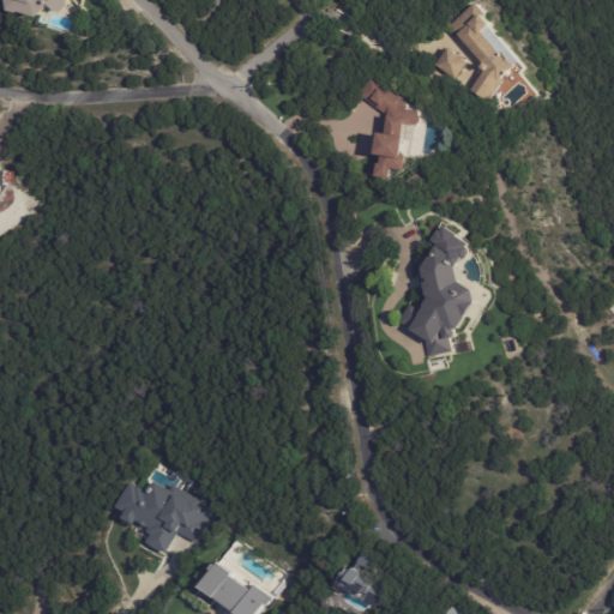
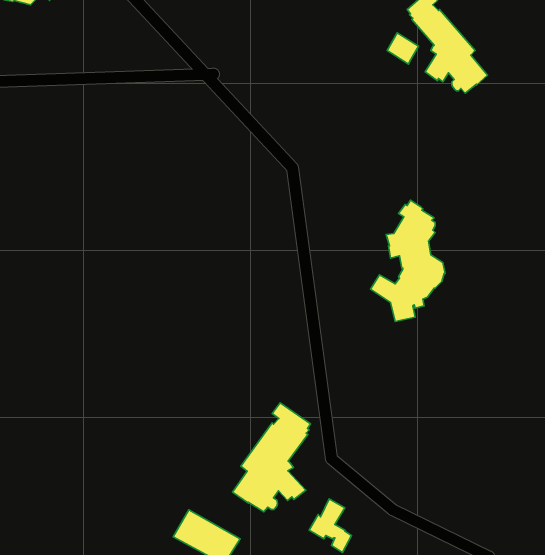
building: [353,73,416,177] -> none
building: none -> [233,403,310,512]
building: [109,480,204,553] -> none

